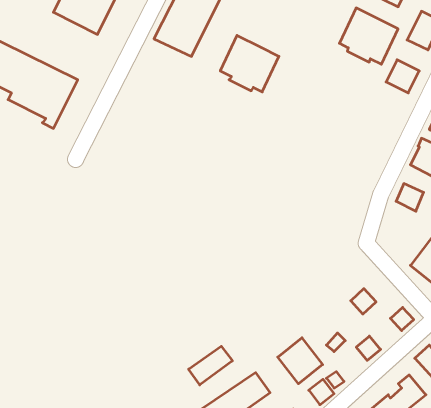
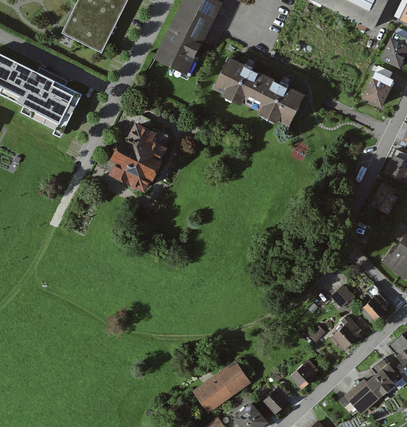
building: [339,8,398,64] -> [250,73,303,124]
building: none -> [108,121,165,191]
building: [278,338,323,384] -> none
building: [189,346,232,385] -> none

